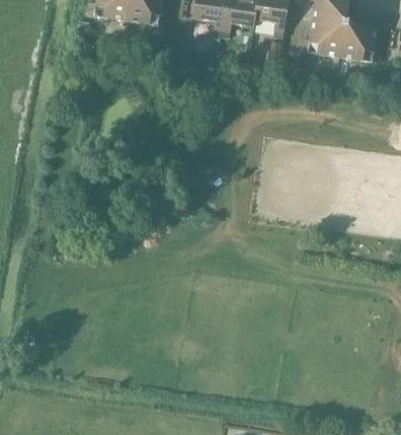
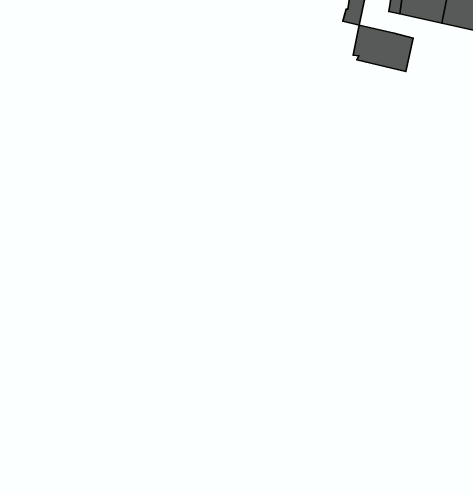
building: none -> [353,25,413,71]

